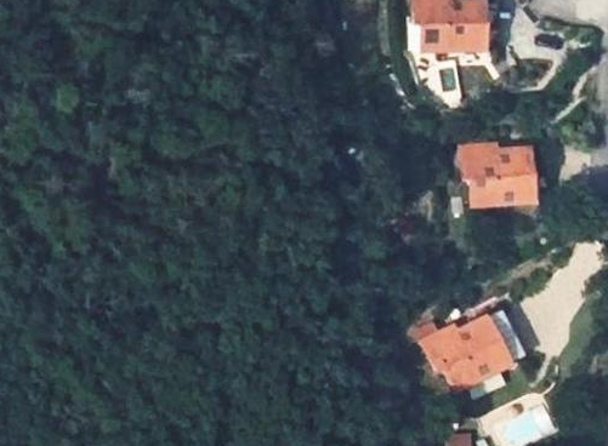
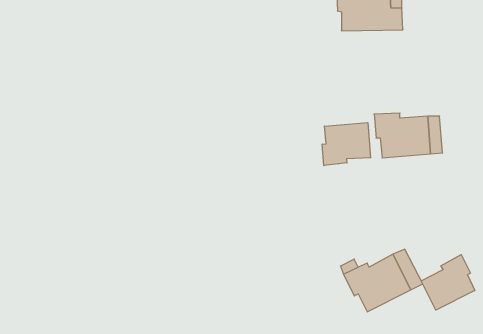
building: none -> [322,123,371,166]
building: none -> [421,255,475,310]

